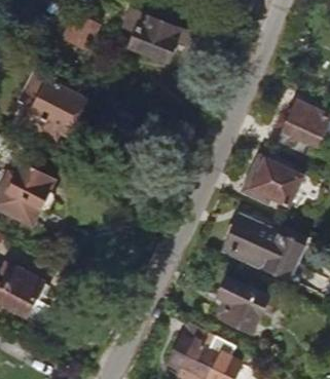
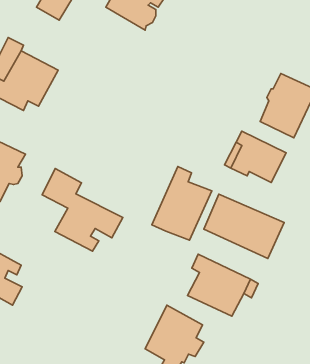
building: none -> [152,166,212,240]
building: none -> [42,169,123,251]

